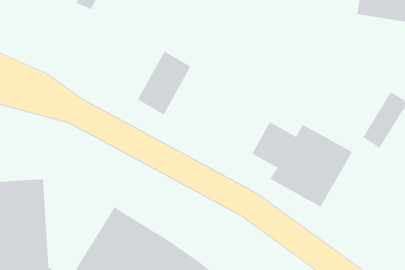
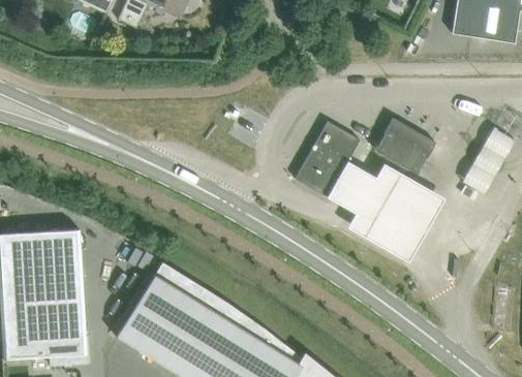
building: [137,51,191,115] -> [295,121,359,197]
building: none -> [374,118,435,175]

